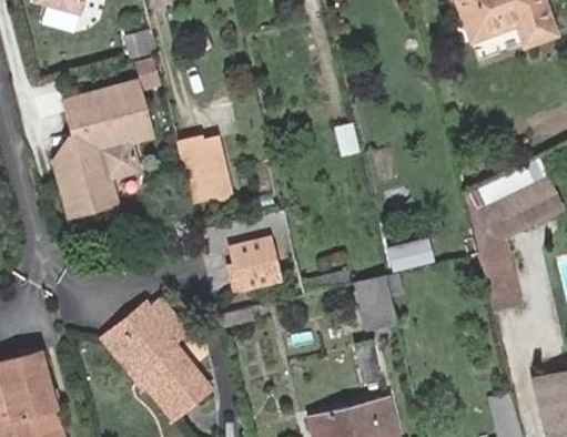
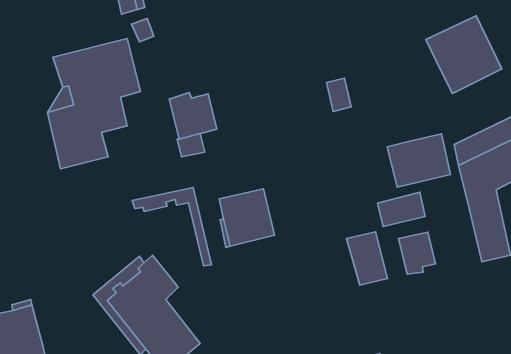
building: none -> [426,16,502,93]
building: none -> [387,134,450,187]
building: none -> [132,188,212,266]
building: none -> [399,232,435,274]

